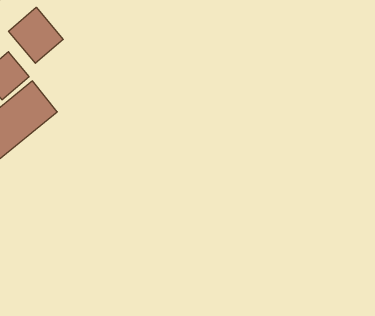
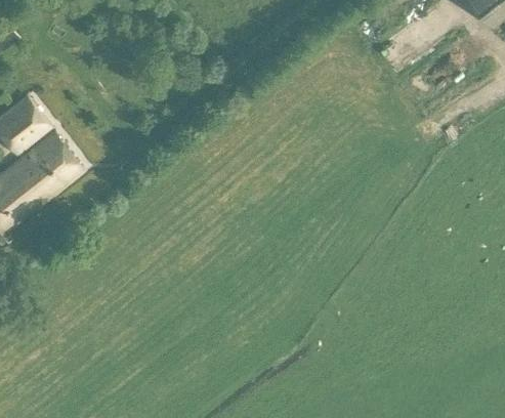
building: [9,7,63,63] -> none

